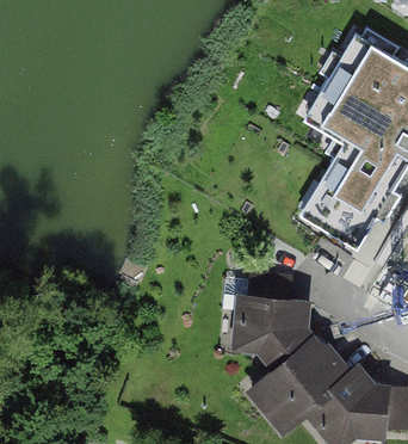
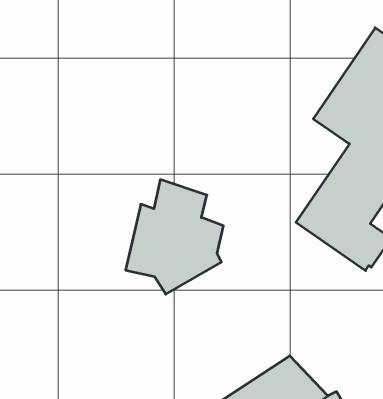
building: [230,270,314,370] -> [126,180,223,294]

